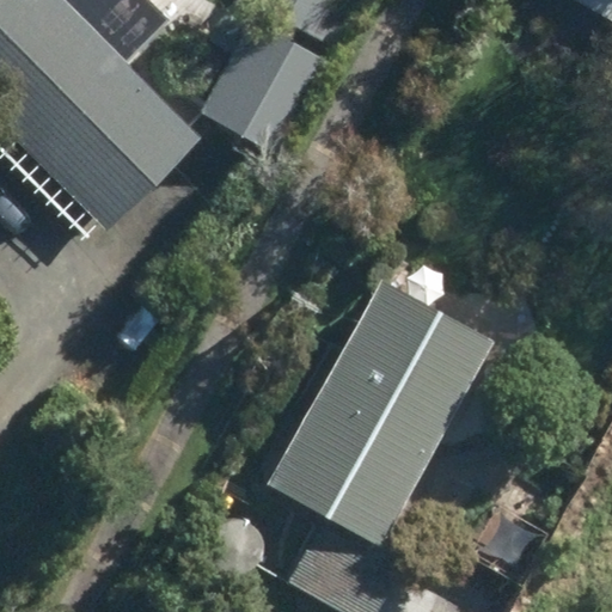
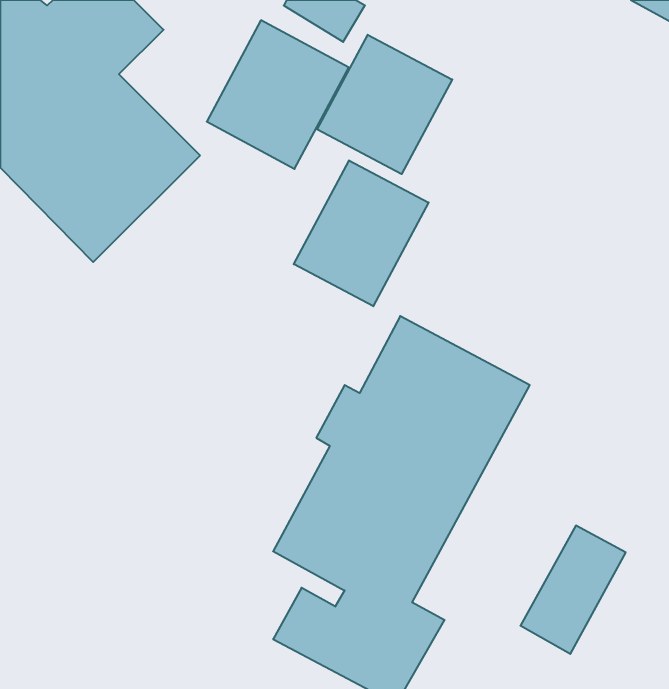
building: none -> [317,35,452,174]
building: none -> [294,160,429,306]

